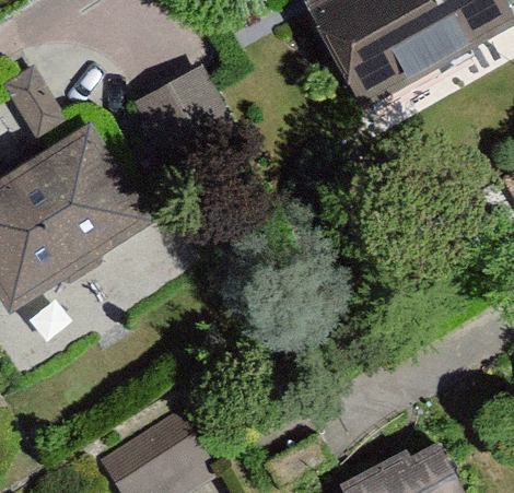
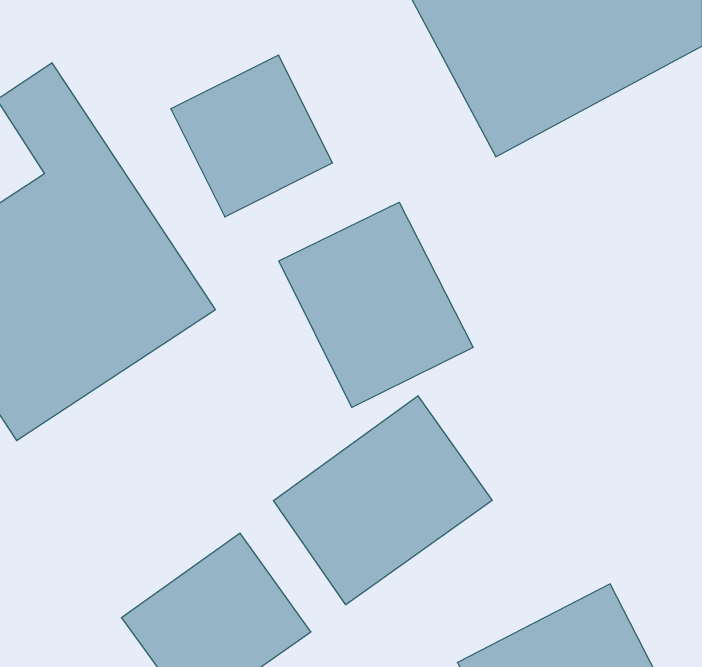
building: none -> [279,202,473,408]
building: none -> [273,396,492,605]

